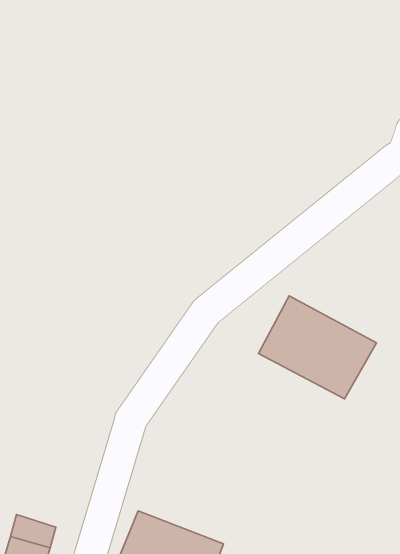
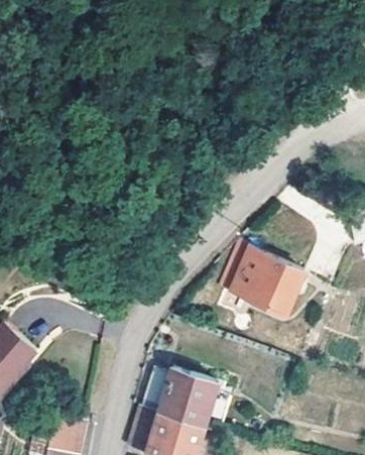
building: none -> [143,370,219,429]

